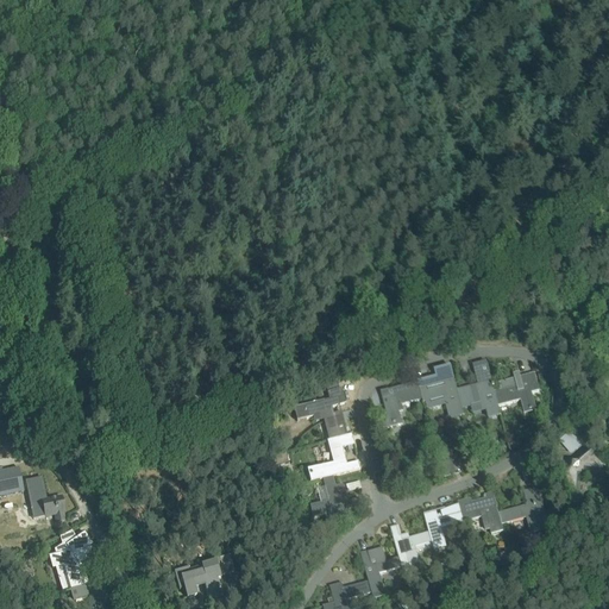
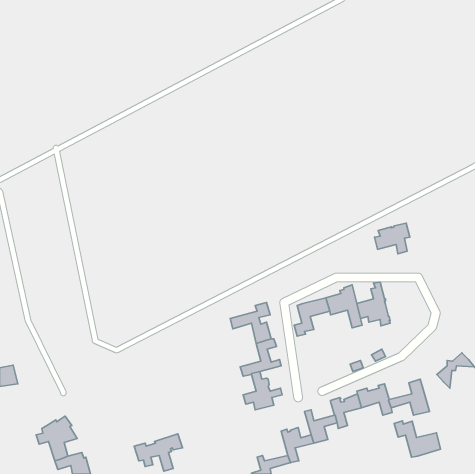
building: [492,371,538,410] -> [375,223,410,254]
building: [25,477,63,521] -> none
building: none -> [394,421,441,457]

